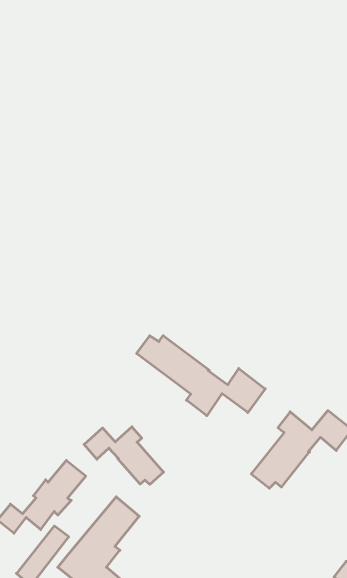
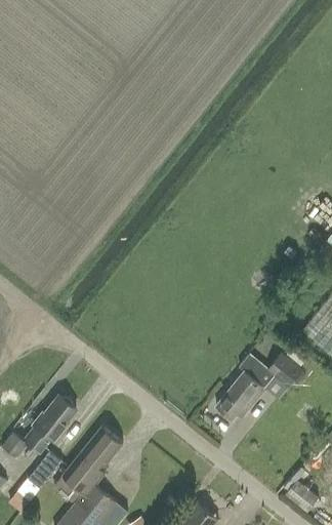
building: [137,336,265,416] -> none
building: [84,427,164,484] -> none

